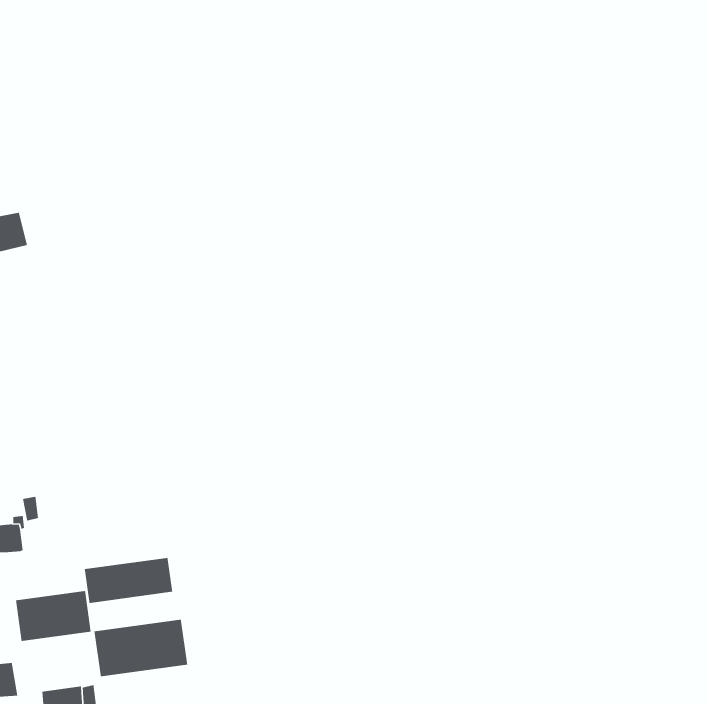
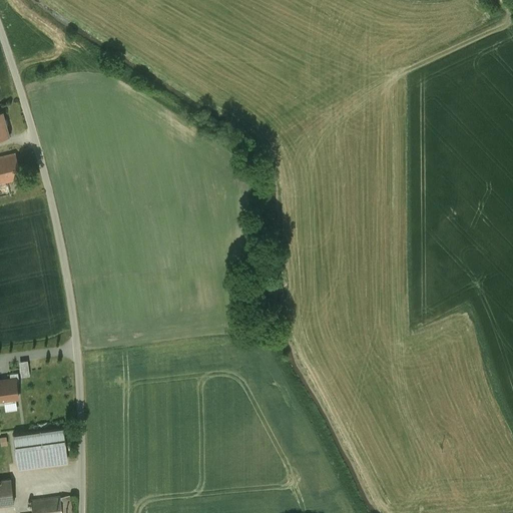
building: [84,557,173,604] -> none
building: [94,619,188,677] -> none

